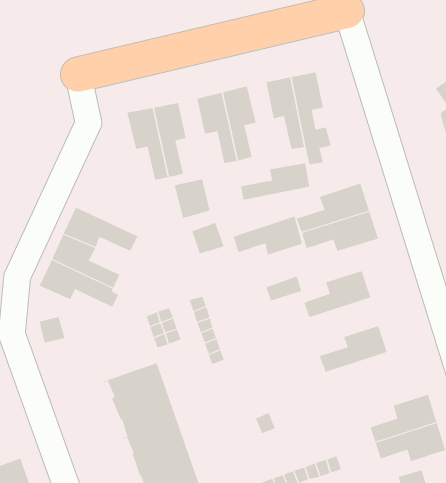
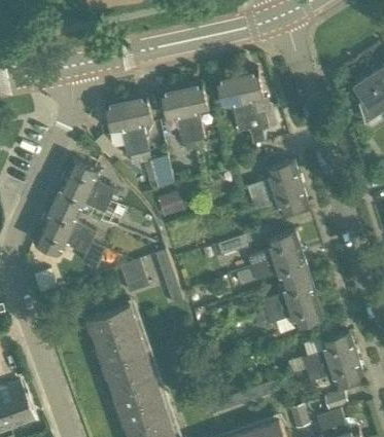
building: [240,162,310,201] -> none
building: none -> [64,159,120,204]
building: [233,216,303,255] -> [252,253,309,285]
building: none -> [266,297,323,329]

